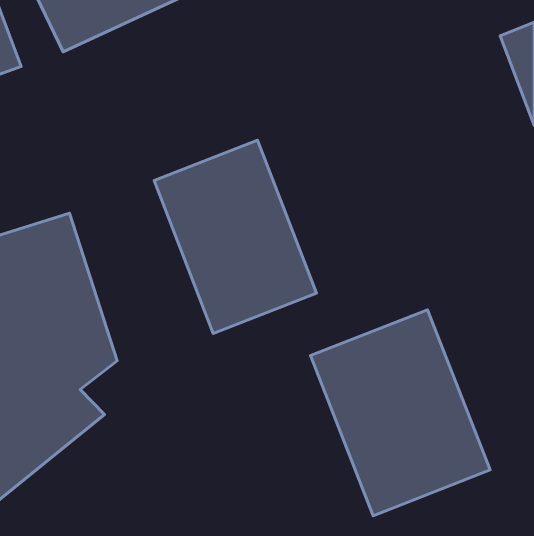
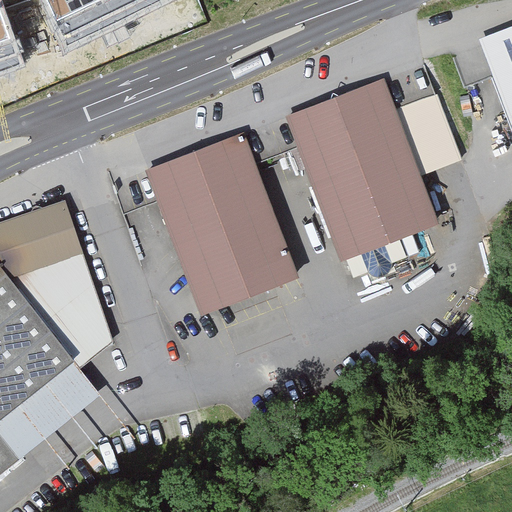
building: none -> [288,78,457,259]
building: [310,310,490,516] -> none

